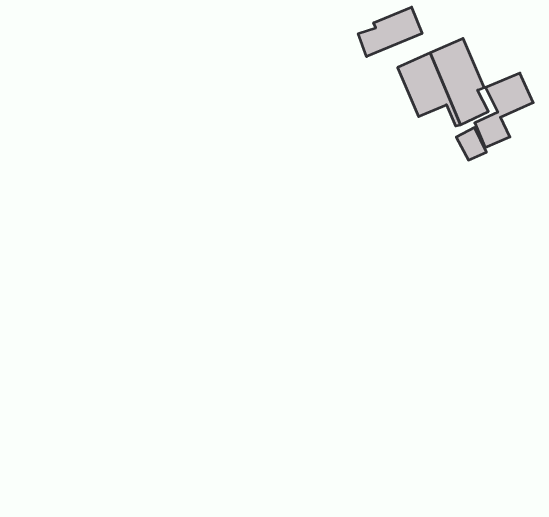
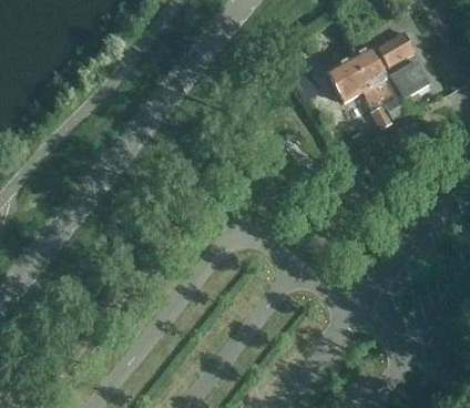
building: [358,7,422,57] -> none
building: none -> [379,32,417,65]

